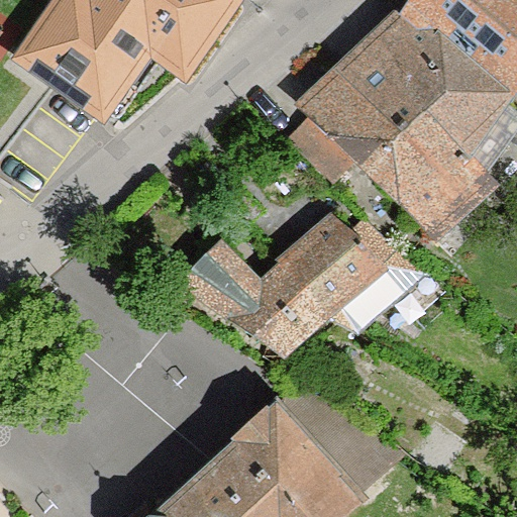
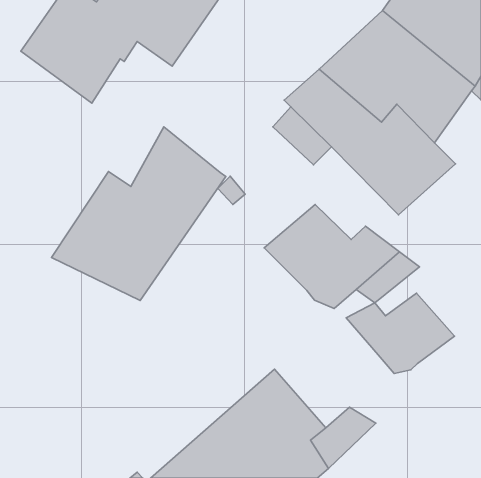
building: none -> [51,127,226,300]
building: [188,249,327,350] -> none
building: none -> [346,293,454,373]

